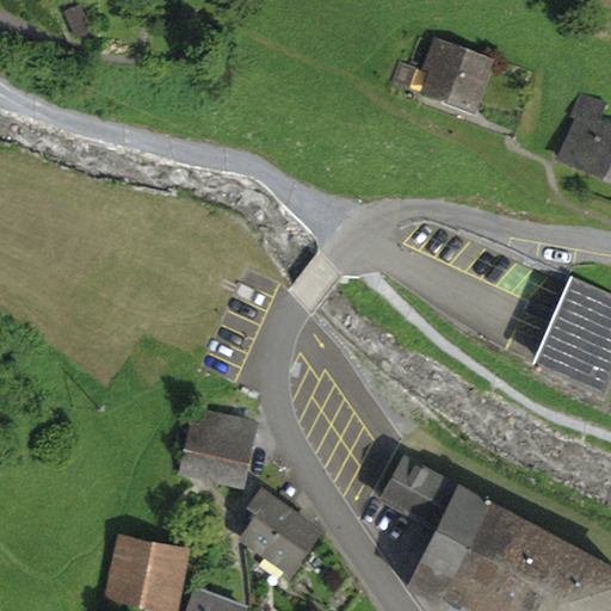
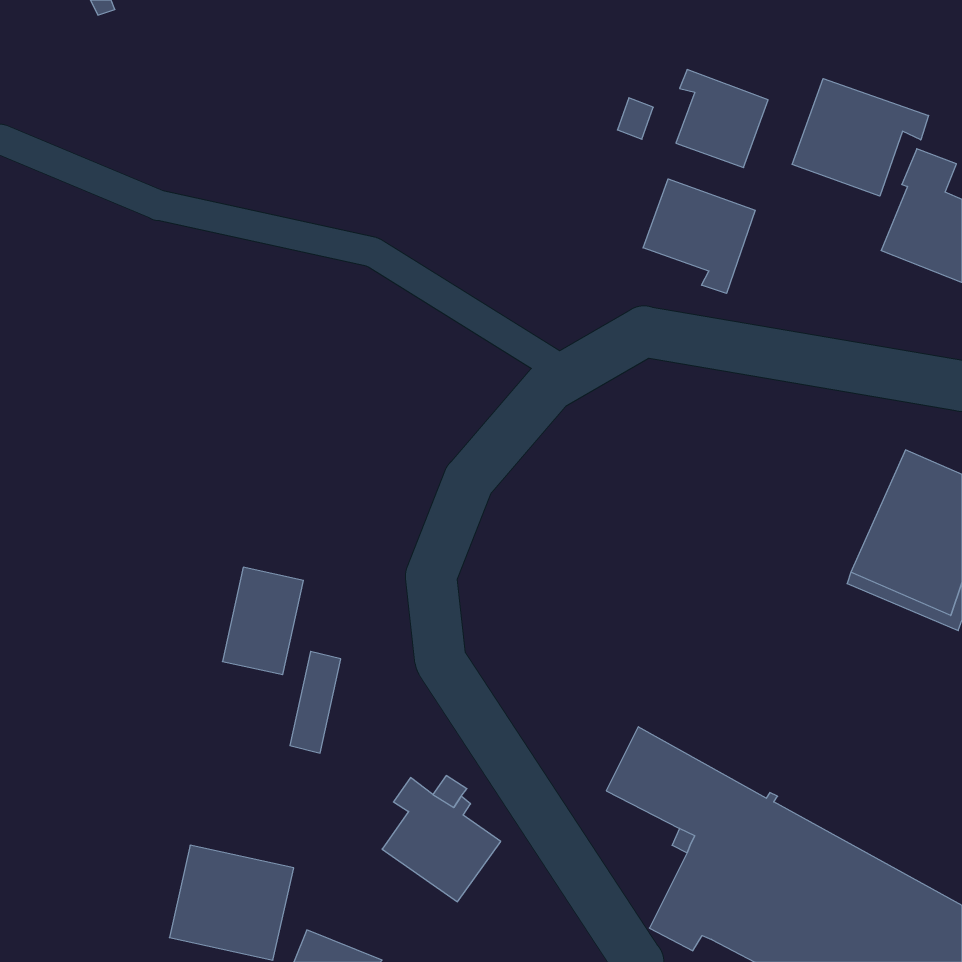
building: none -> [792,79,929,196]
building: none -> [643,179,755,293]
building: [203,418,254,486] -> [222,567,303,675]

